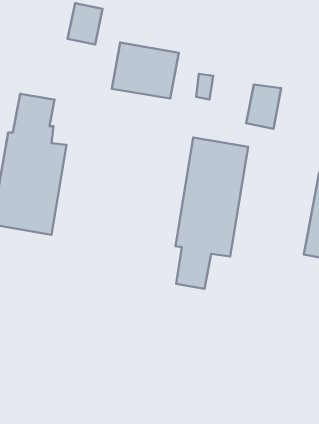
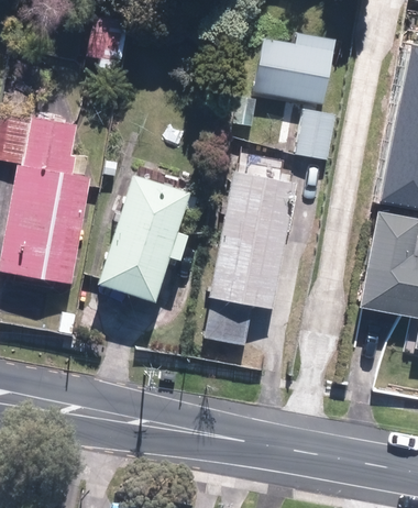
building: [112,43,179,98] -> [255,37,333,102]
building: none -> [103,175,193,300]

